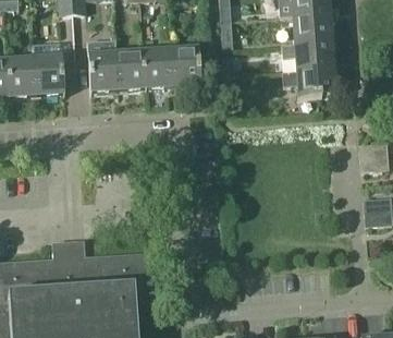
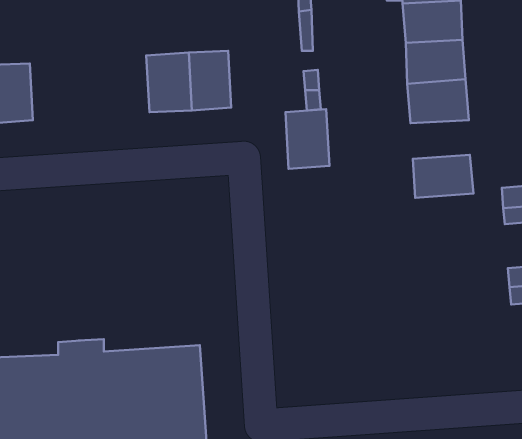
building: [88,38,116,90] -> none
building: [33,41,64,94] -> none
building: [171,44,201,85] -> [285,109,329,169]
building: none -> [413,155,474,198]

